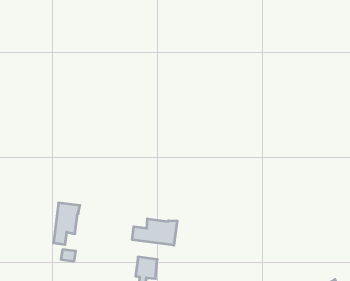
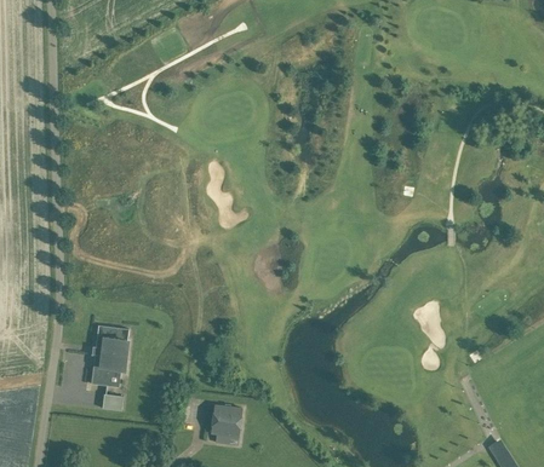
building: [132,219,177,245] -> none

